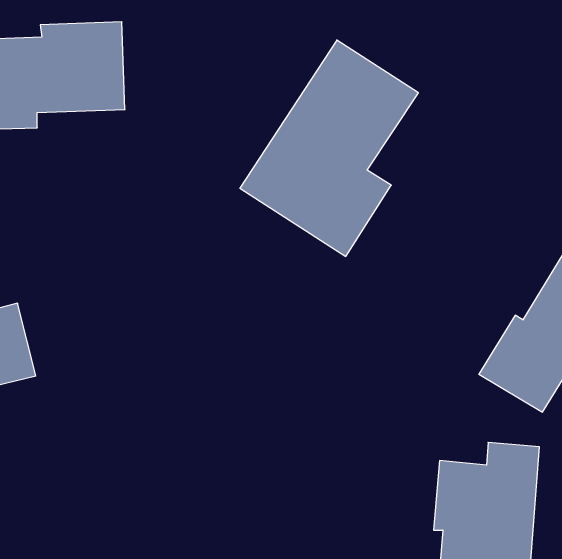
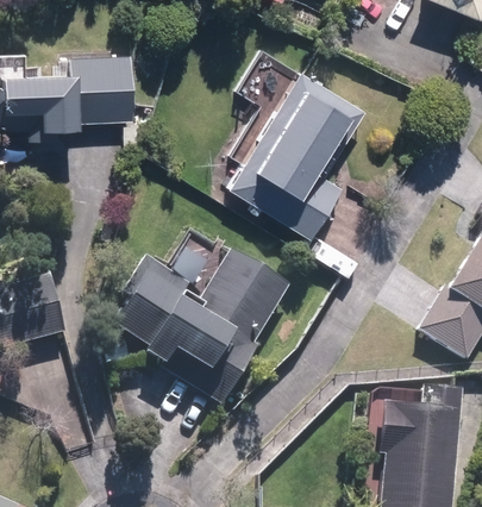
building: none -> [113,249,290,402]

